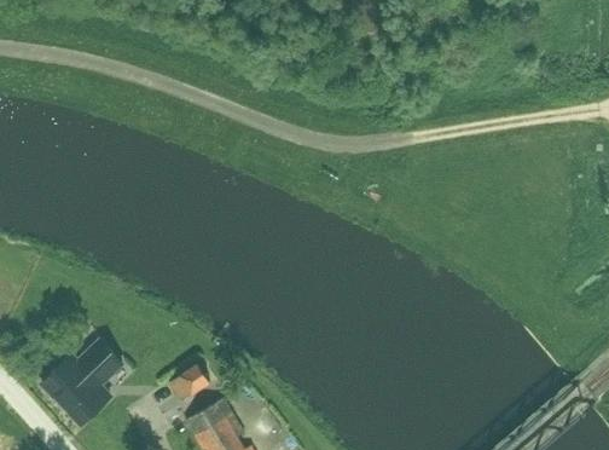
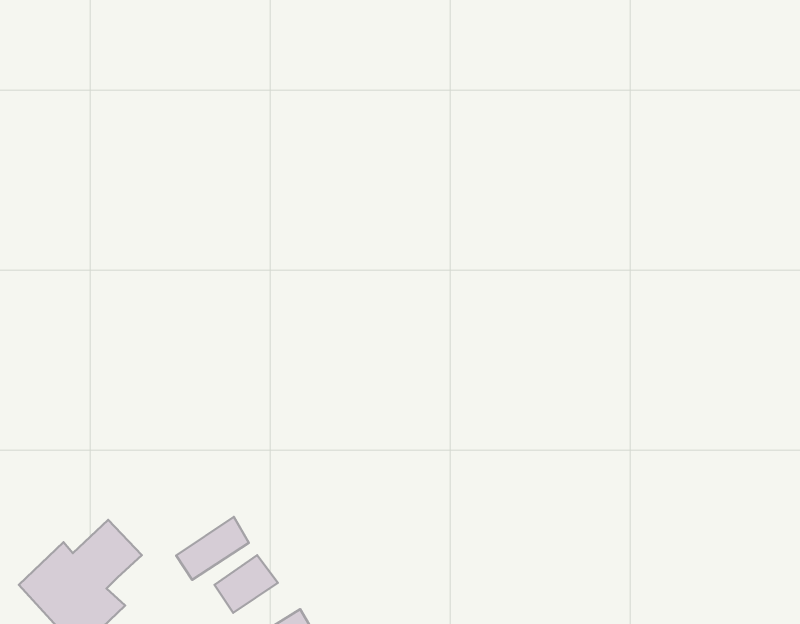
building: none -> [176,517,249,580]

